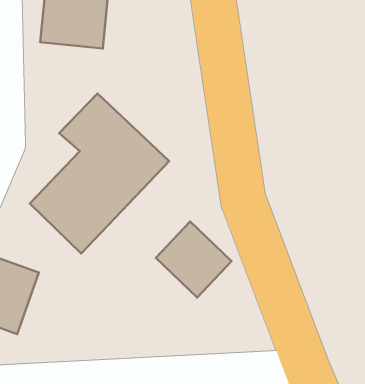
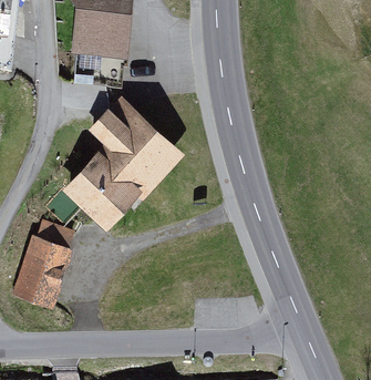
building: [156,222,231,297] -> none

